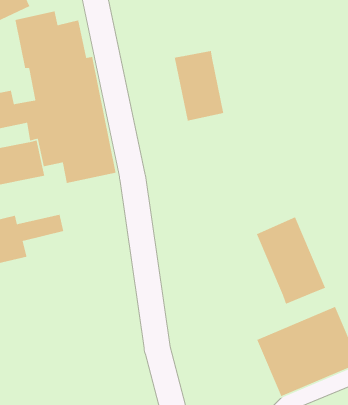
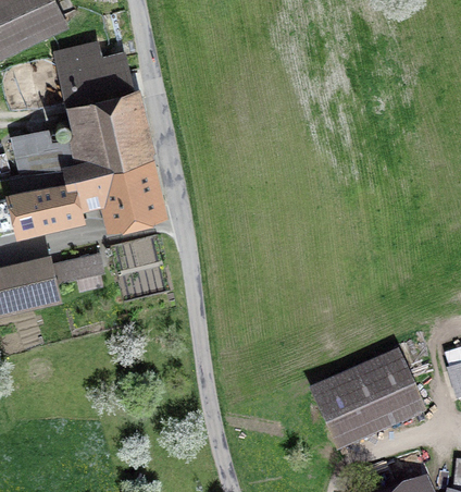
building: [174,50,224,121] -> none
building: [256,216,326,305] -> none

